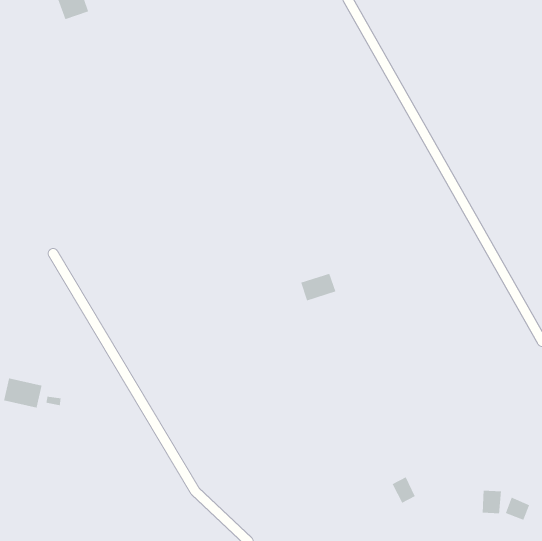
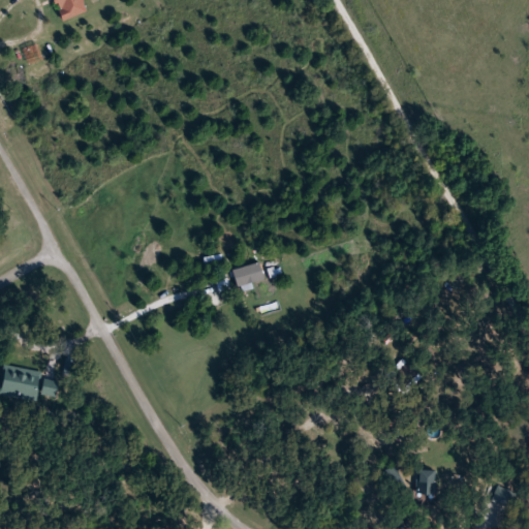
building: [300,273,336,301] -> [231,260,267,288]
building: [482,490,502,514] -> [417,468,437,492]

